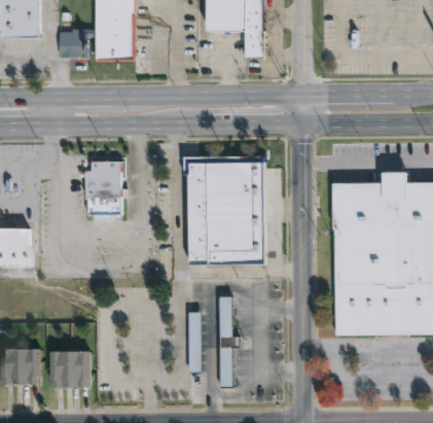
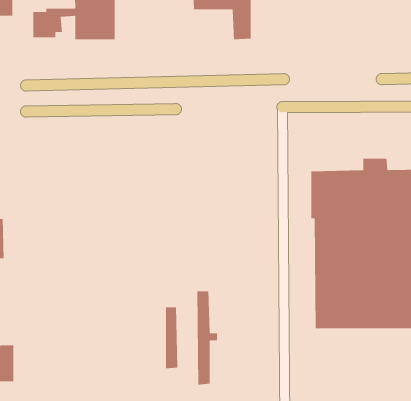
building: [184,154,265,265] -> none
building: [84,160,124,220] -> none
building: [53,351,95,388] -> none

